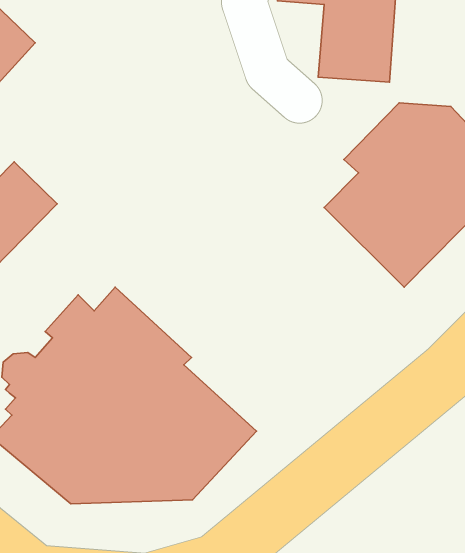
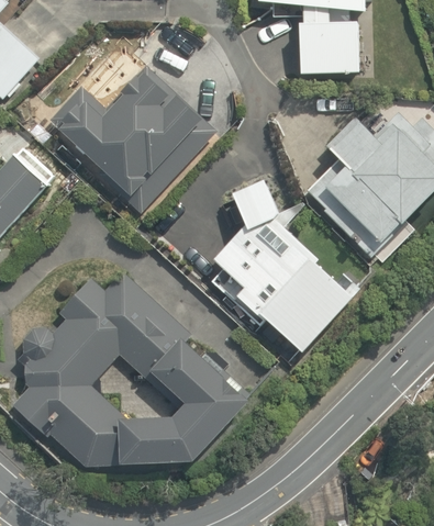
building: none -> [46,67,213,213]
building: none -> [205,186,361,363]

